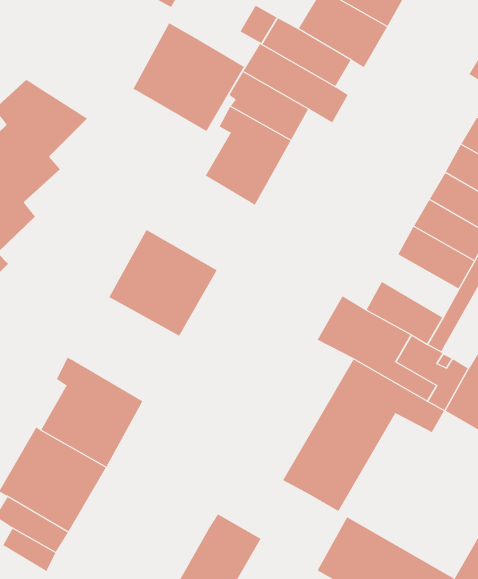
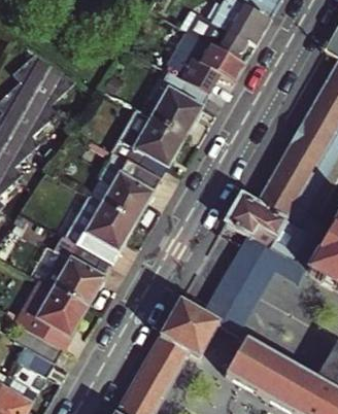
building: [133,23,245,132] -> [111,106,184,177]
building: none -> [267,167,317,208]
building: none -> [64,194,135,263]
building: none -> [160,302,219,358]

